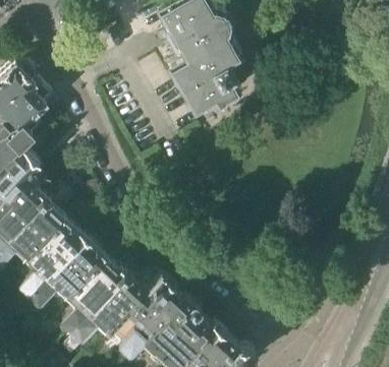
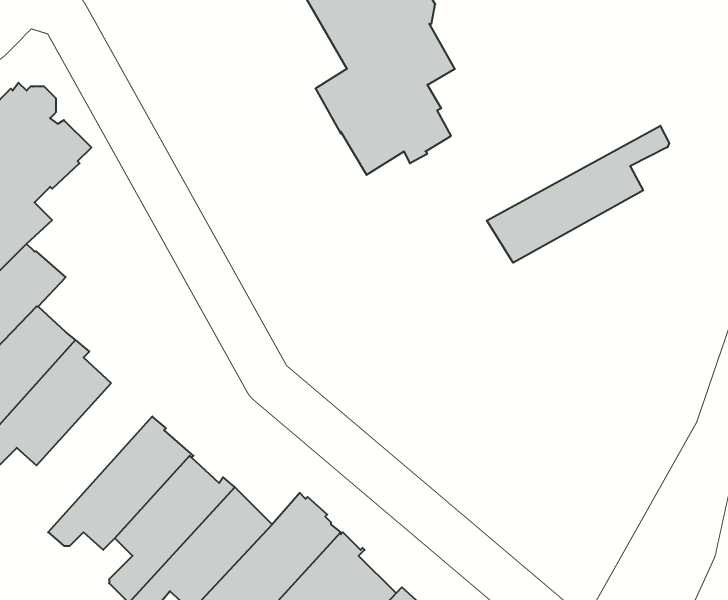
building: none -> [487,126,669,263]
building: [20,218,84,296] -> none

